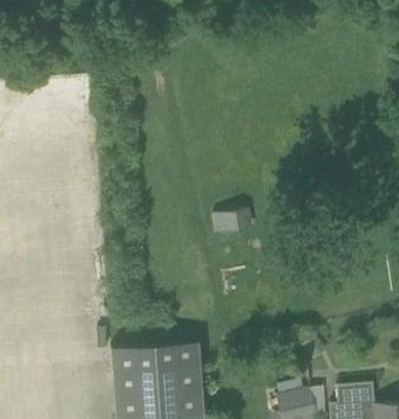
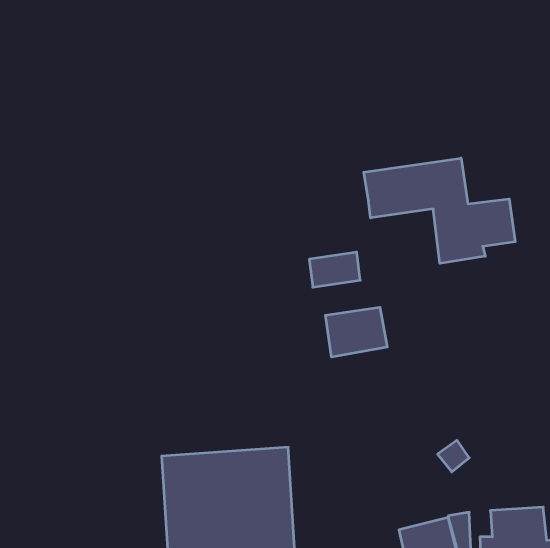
building: none -> [364,158,515,263]
building: none -> [325,307,387,357]

